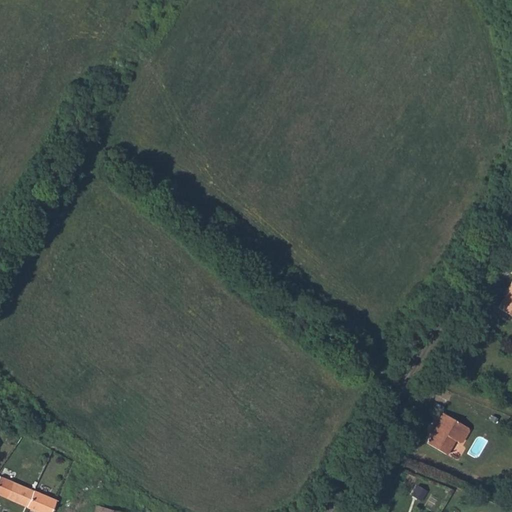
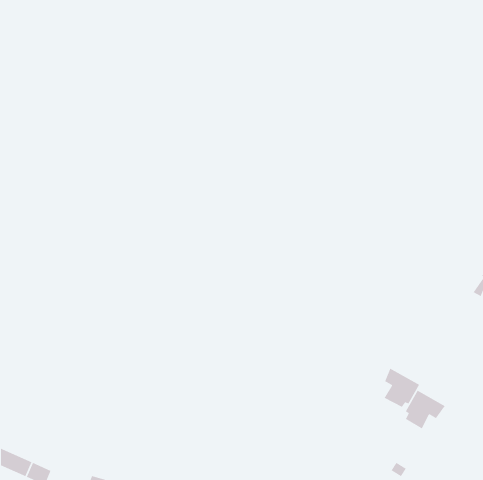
building: none -> [383,368,420,408]

